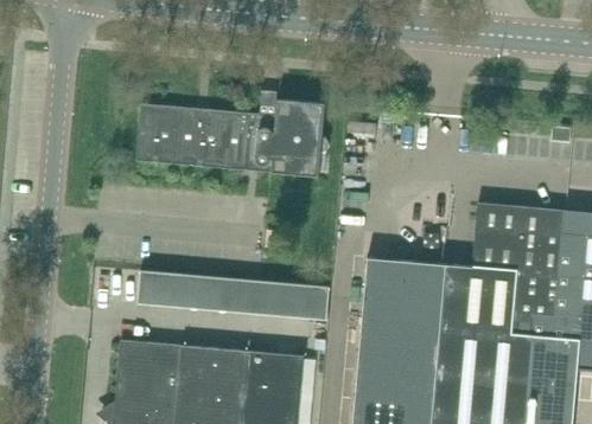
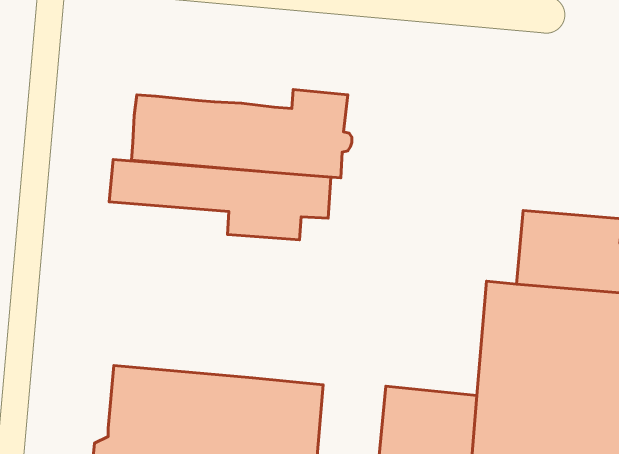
building: [358,258,446,366] -> none
building: [145,262,338,332] -> [109,160,331,240]

